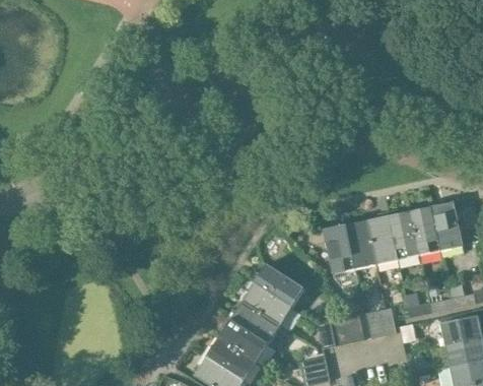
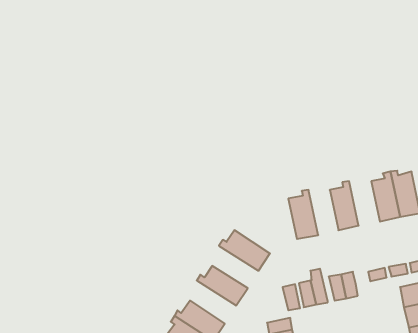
building: [387,210,419,259] -> none
building: [344,219,375,269] -> none
building: [243,280,291,325] -> none
building: [219,317,268,363] -> none

